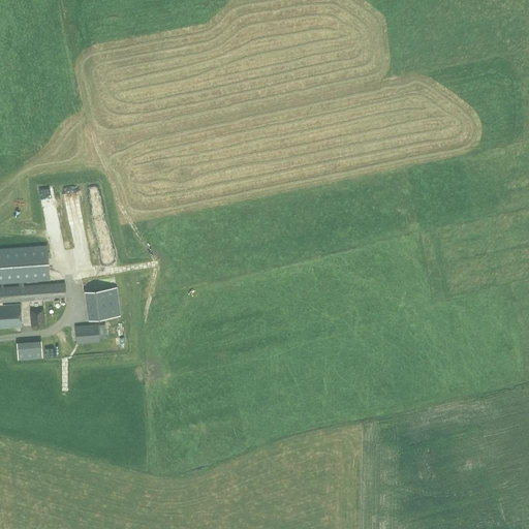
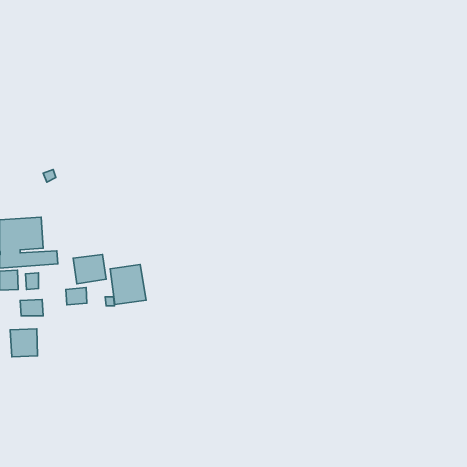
building: none -> [110,265,146,305]
building: none -> [10,329,37,357]

